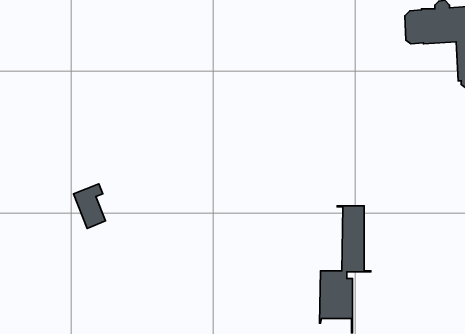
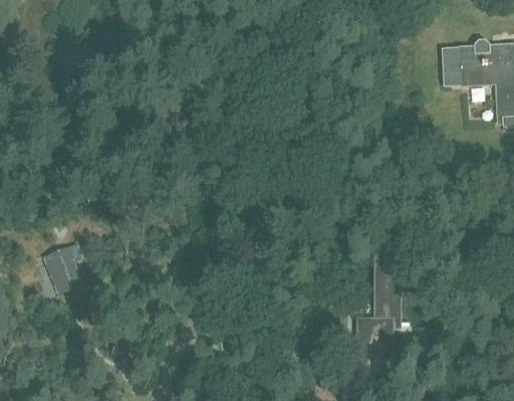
building: [74,184,106,229] -> [47,244,80,290]

